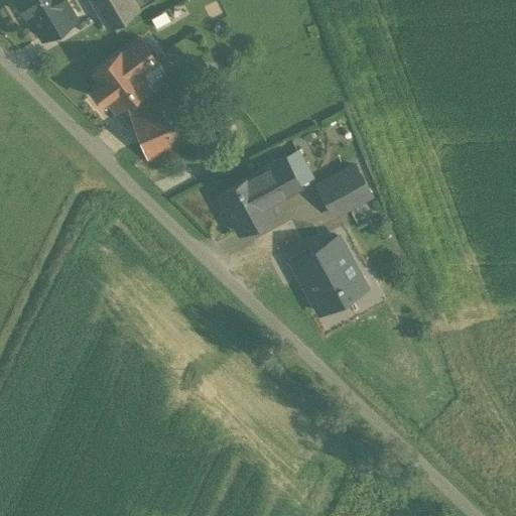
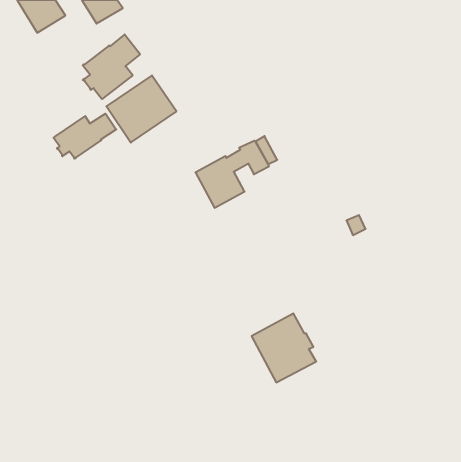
building: none -> [54,114,116,159]
building: [320,166,373,216] -> none
building: [294,237,366,313] -> [252,313,316,382]

